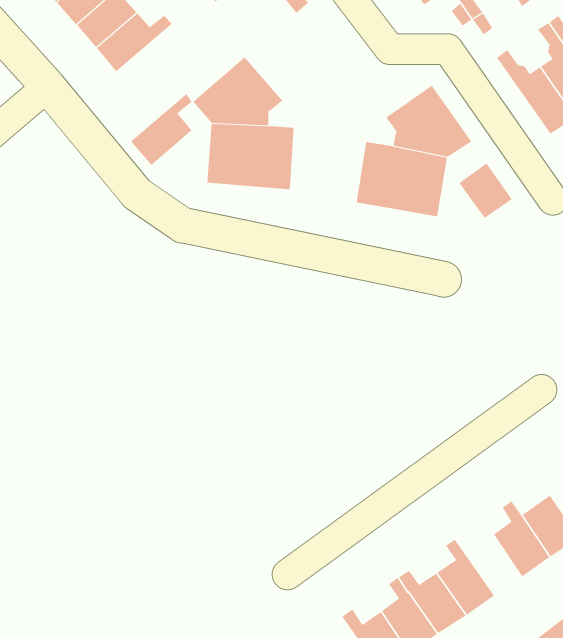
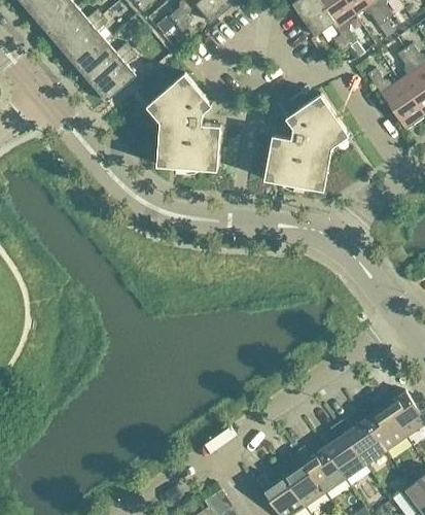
building: [130,93,192,166] -> [91,49,136,102]
building: [458,162,512,219] -> none
building: none -> [337,418,385,465]

